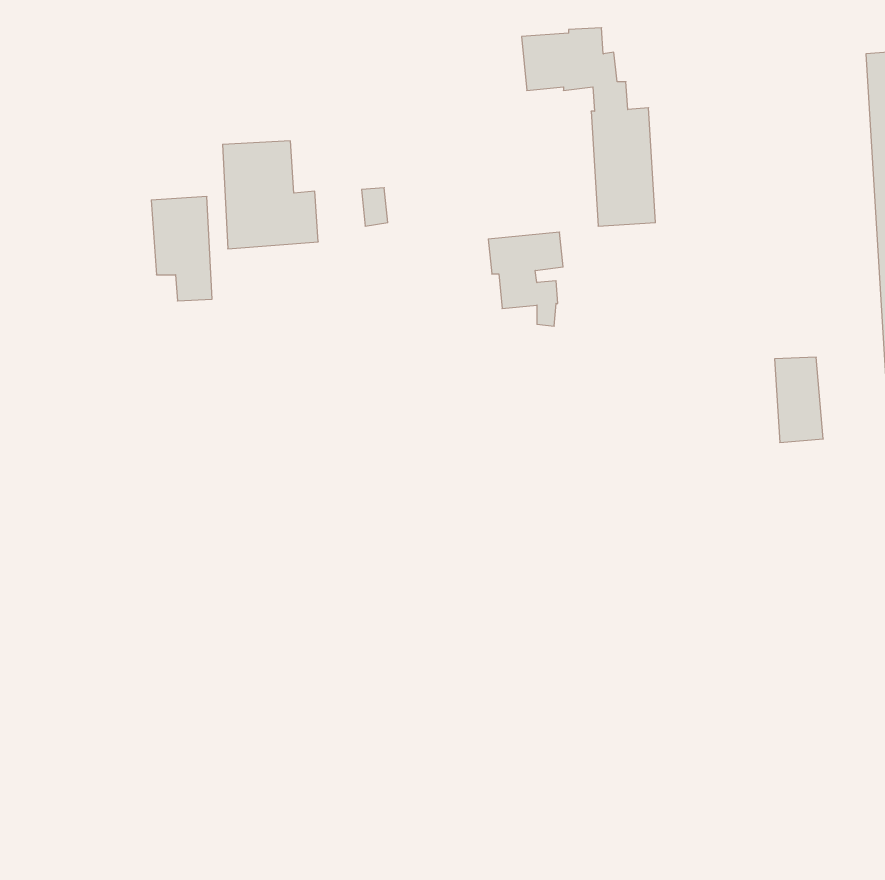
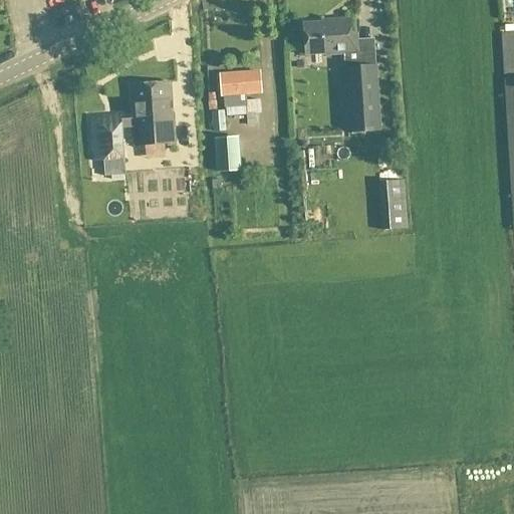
building: [488,232,563,326] -> [219,69,262,123]
building: none -> [215,137,242,170]
building: [775,357,823,442] -> [378,180,407,229]

